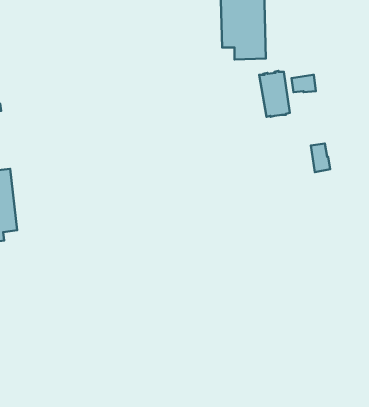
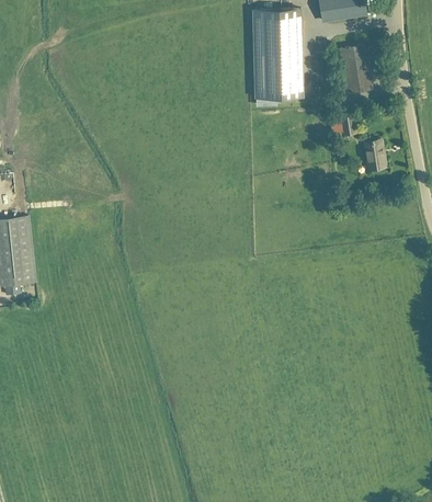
building: [259,71,290,117] -> [339,44,372,93]
building: [311,144,330,172] -> [364,139,385,170]

